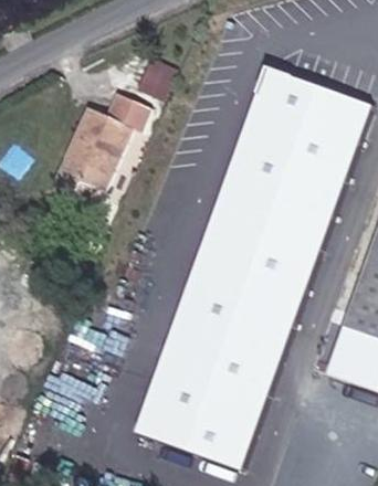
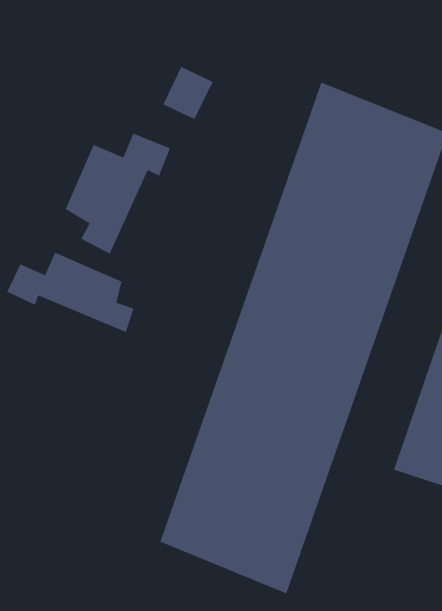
building: none -> [7,252,134,333]

